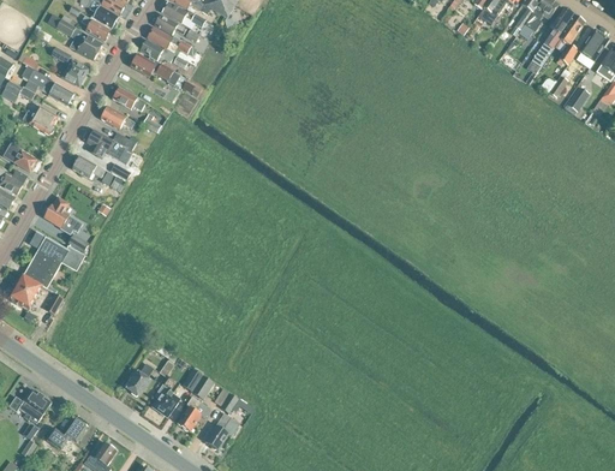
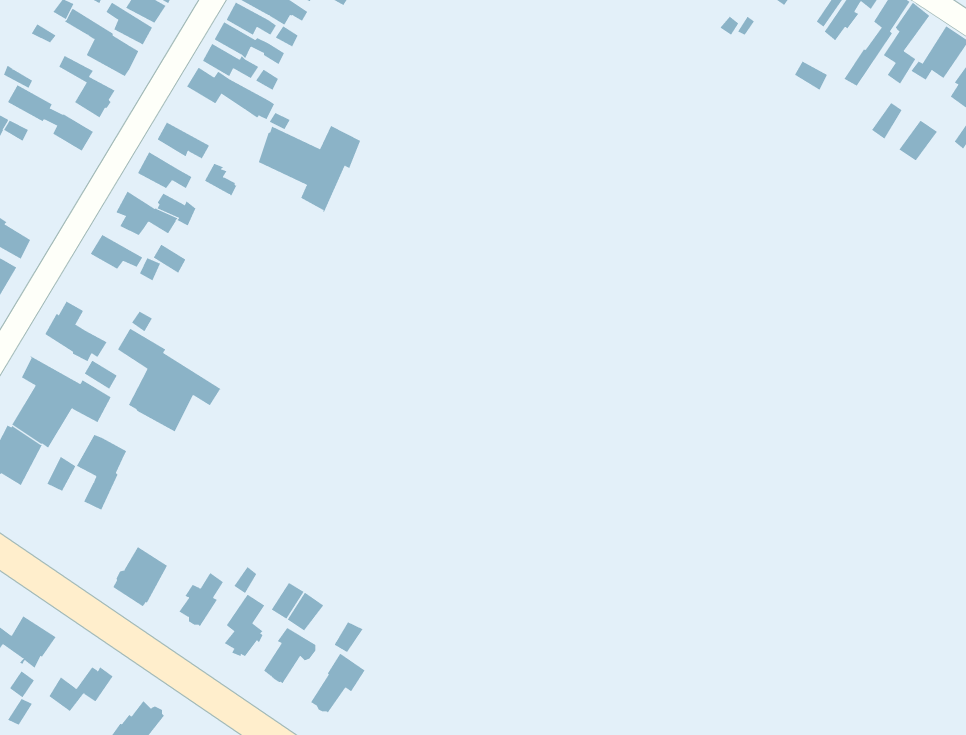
building: none -> [258,125,361,213]
building: [23,106,59,135] -> none
building: none -> [117,328,223,432]
building: none -> [76,434,127,511]
building: none -> [112,546,169,607]

